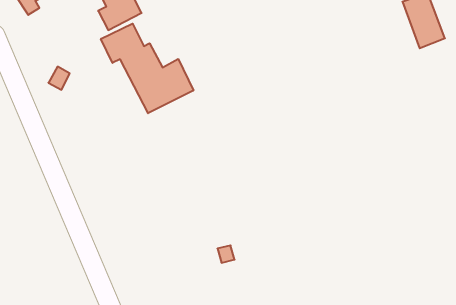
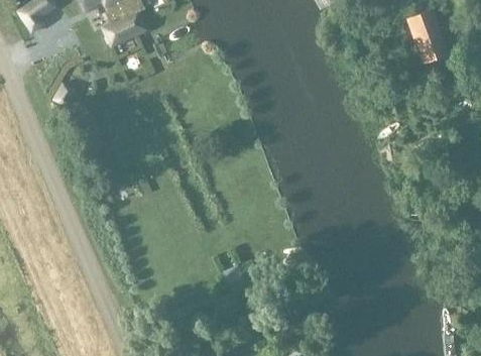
building: [101,24,193,113] -> none

